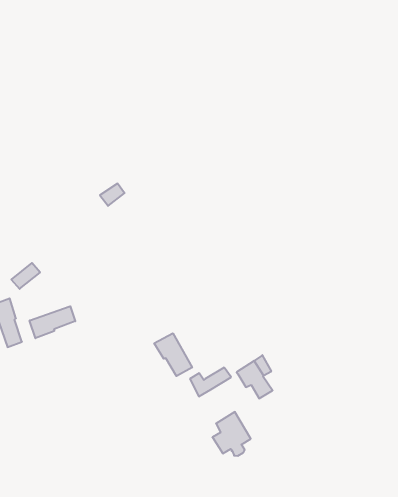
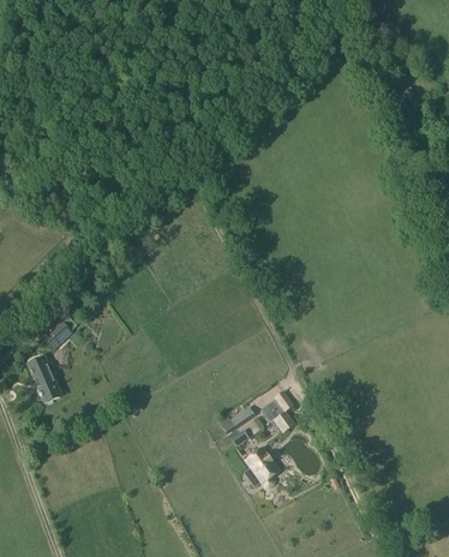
building: [30,306,75,338] -> none
building: [154,333,192,376] -> none

